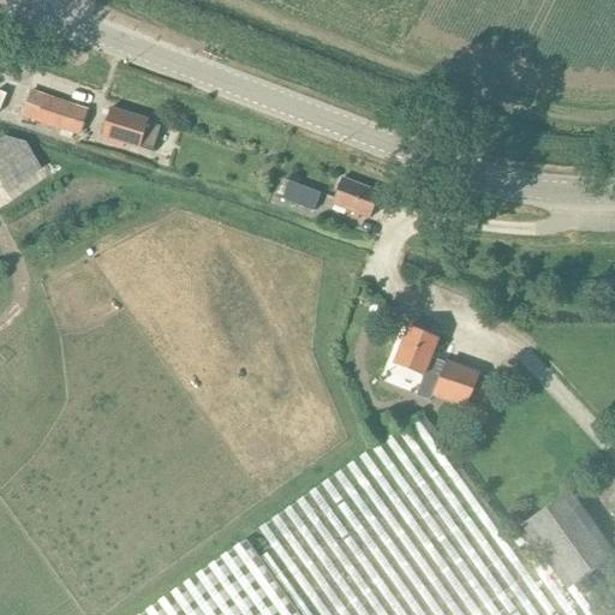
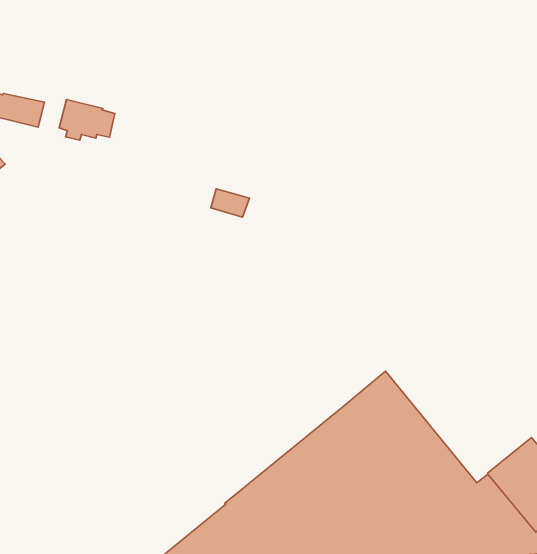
building: [332,179,377,219] -> none
building: [280,181,321,213] -> [211,189,249,217]
building: [392,328,477,408] -> none

